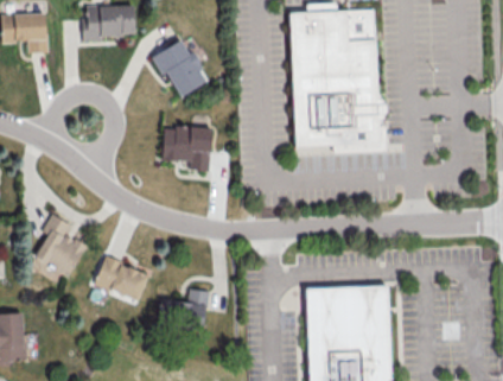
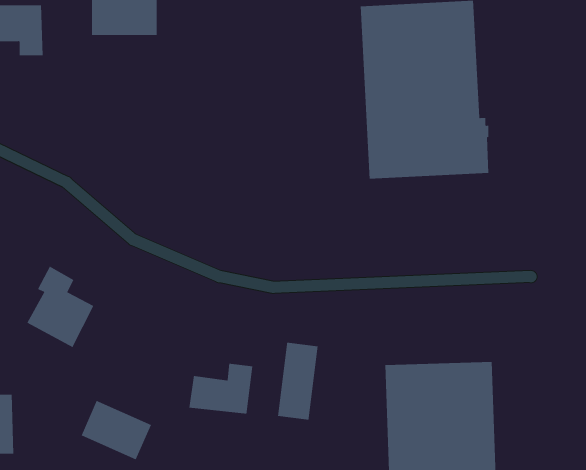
building: [149,39,206,96] -> none
building: [160,126,209,170] -> none
building: [93,255,147,301] -> [81,400,152,460]
building: none -> [278,342,318,421]

